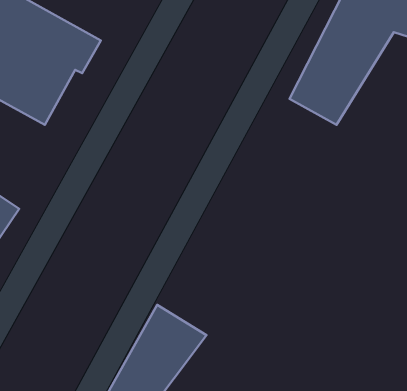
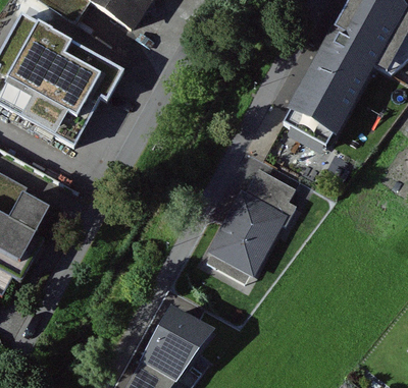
building: none -> [206,166,299,283]

